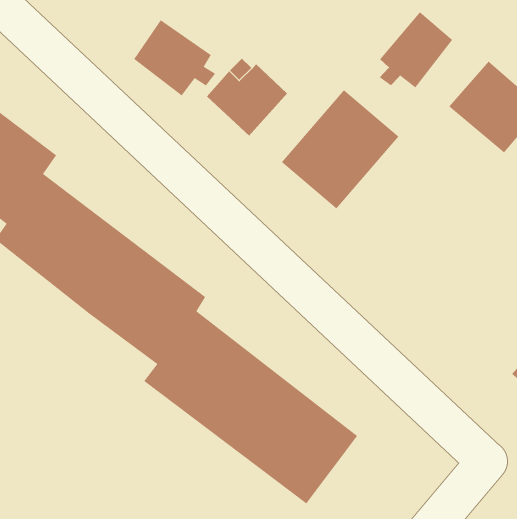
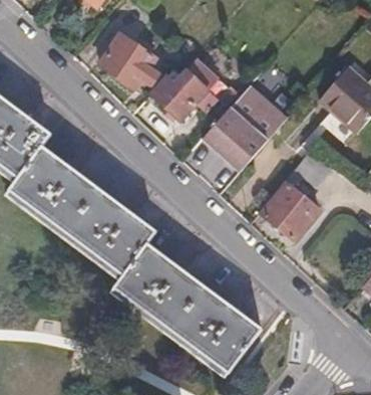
building: [379,11,453,88] -> none
building: none -> [261,149,336,238]

